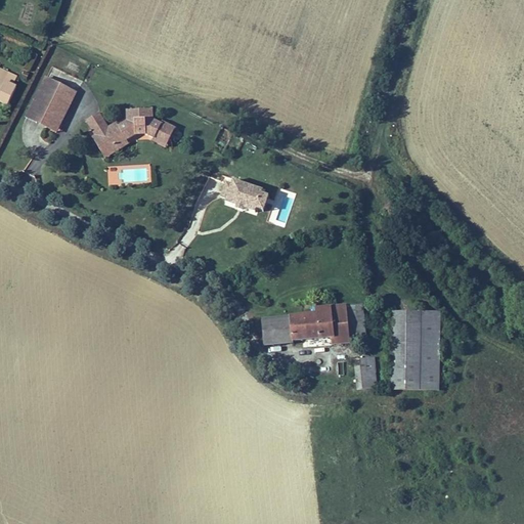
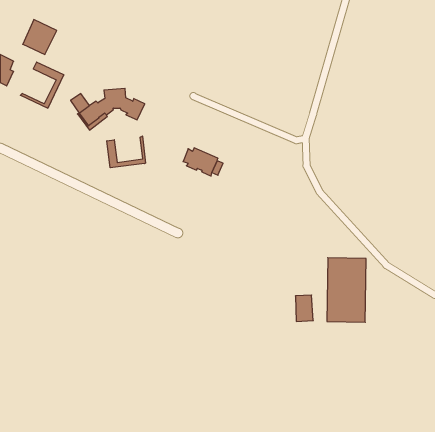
building: [27,83,68,125] -> [23,20,57,54]
building: none -> [107,136,146,168]
building: [261,302,367,346] -> none

